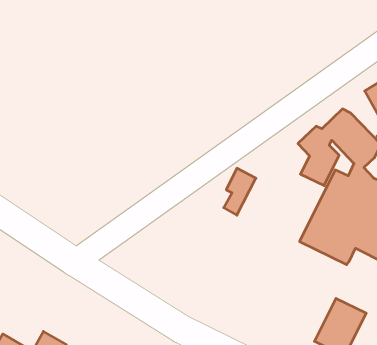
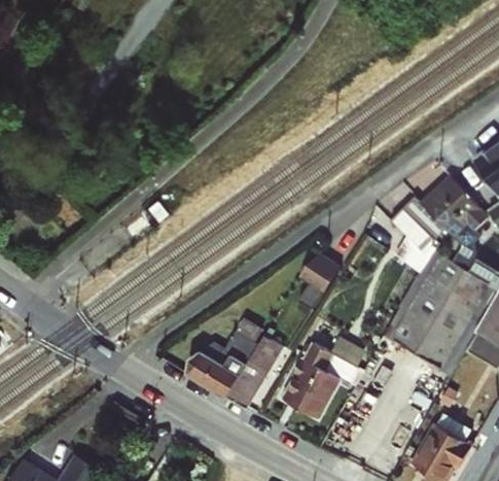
building: none -> [185,319,284,410]
building: none -> [282,347,363,417]

